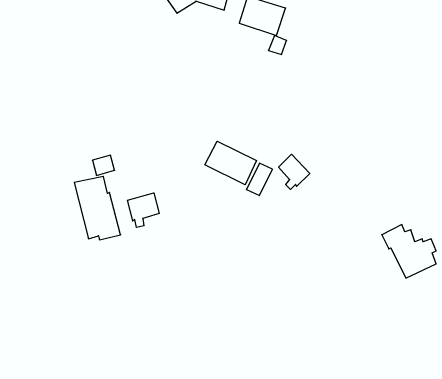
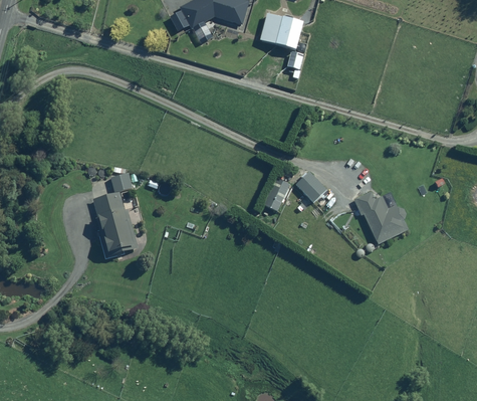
building: [205,141,257,185] -> none
building: [128,193,159,227] -> none
building: [382,225,436,278] -> [353,191,408,244]

